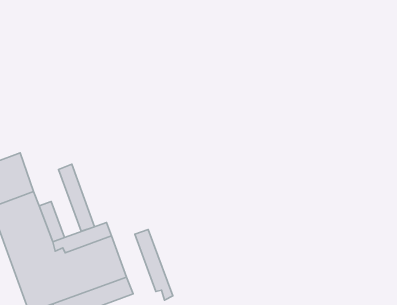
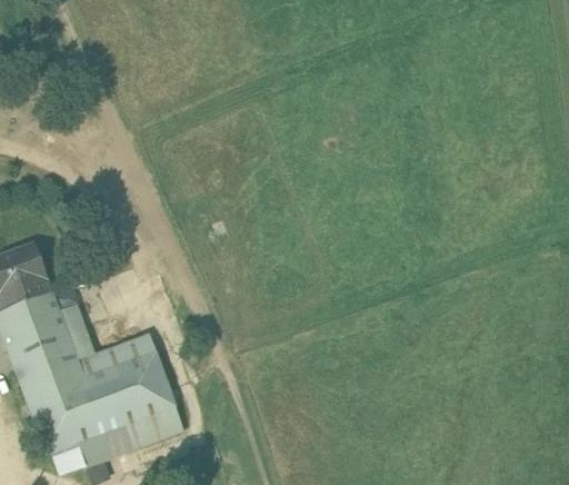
building: [58,164,94,231] -> none
building: [135,230,173,300] -> none

